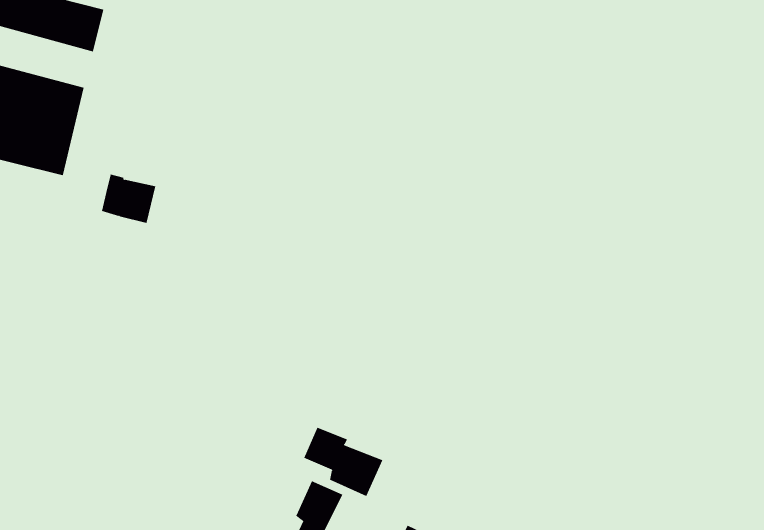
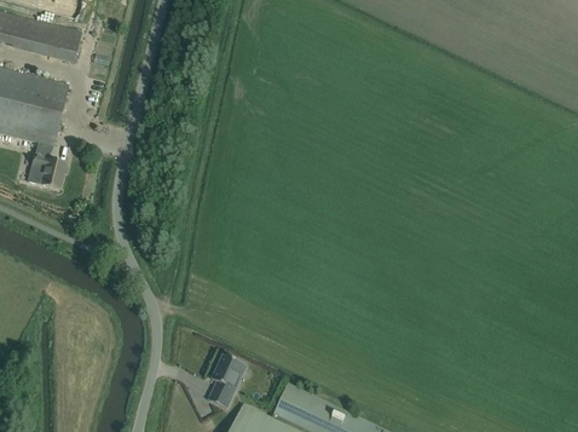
building: [101,174,156,223] -> [27,156,64,190]
building: [303,427,383,497] -> none

